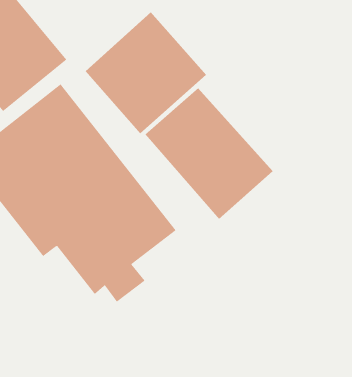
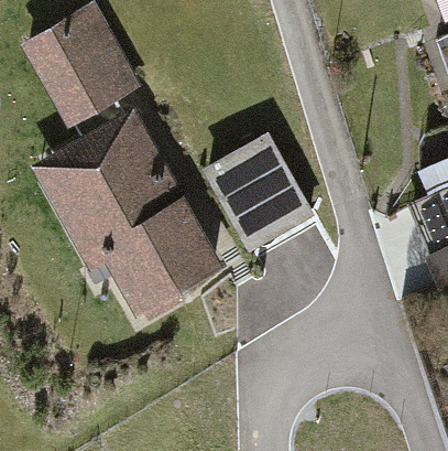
building: [85,12,207,134] -> none

